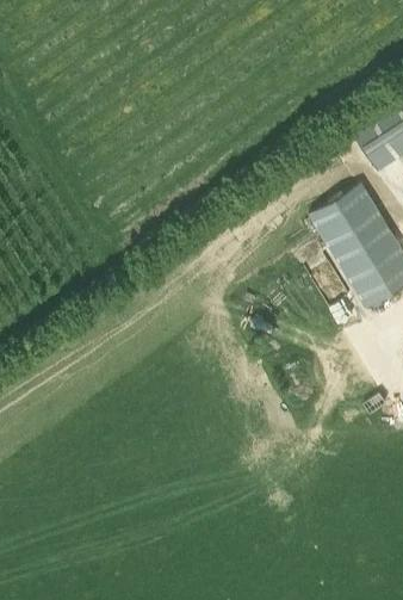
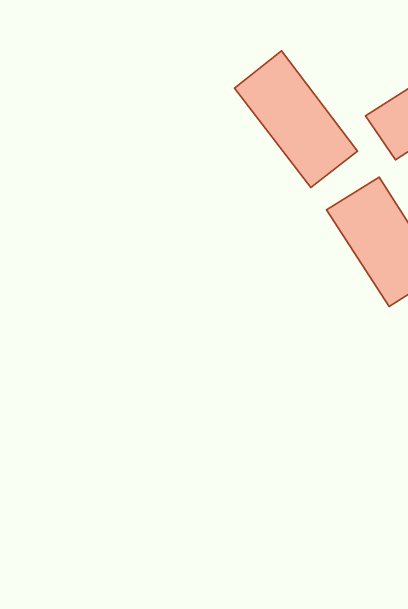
building: none -> [234,51,358,187]

